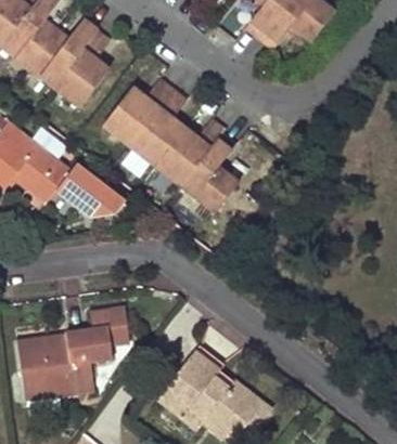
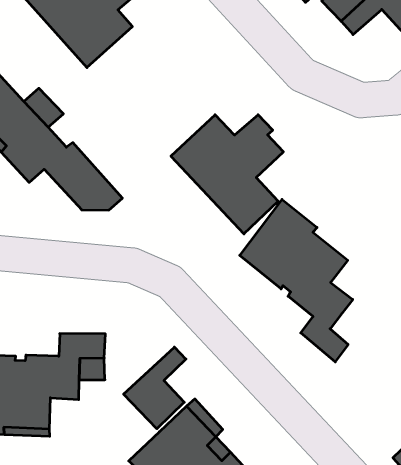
building: [103,79,187,162] -> none
building: none -> [240,199,353,362]
building: none -> [124,347,186,429]

